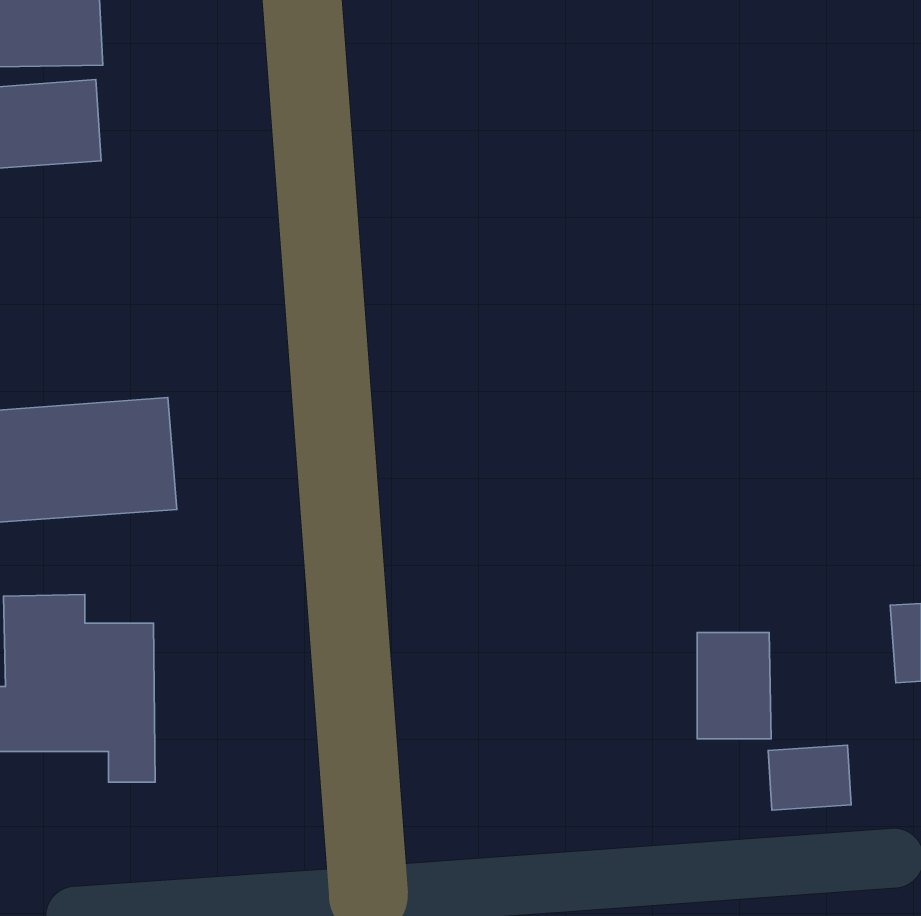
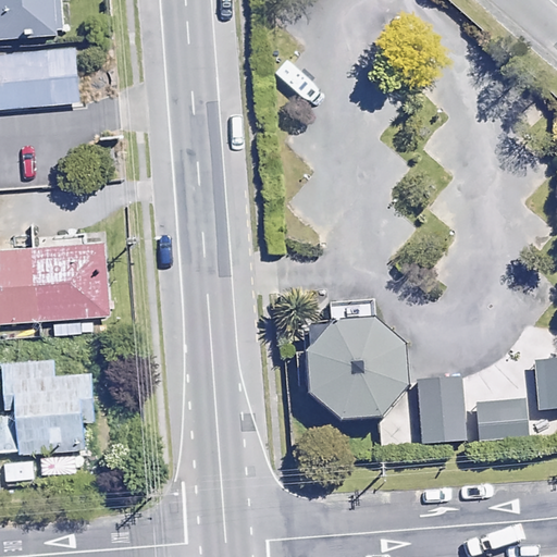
building: none -> [308,305,409,428]
building: [768,745,851,810] -> [476,403,527,442]

